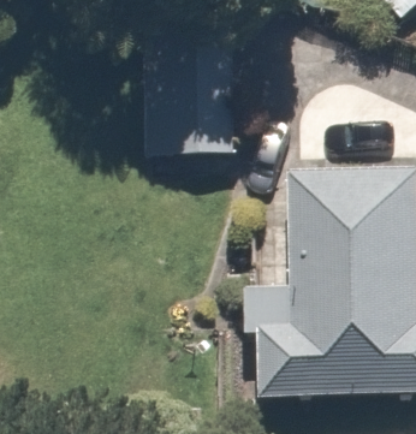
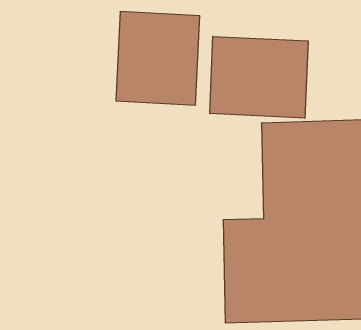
building: none -> [210,36,308,118]

